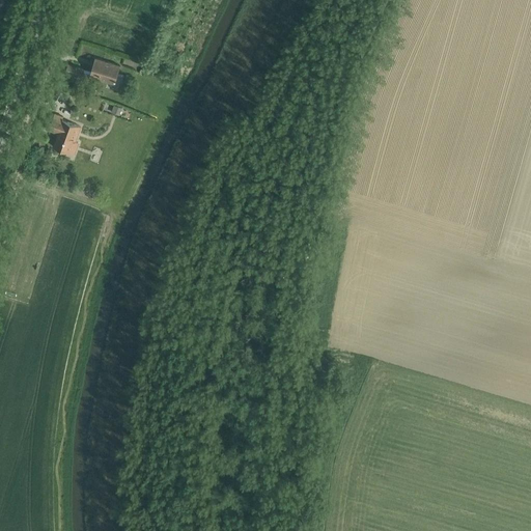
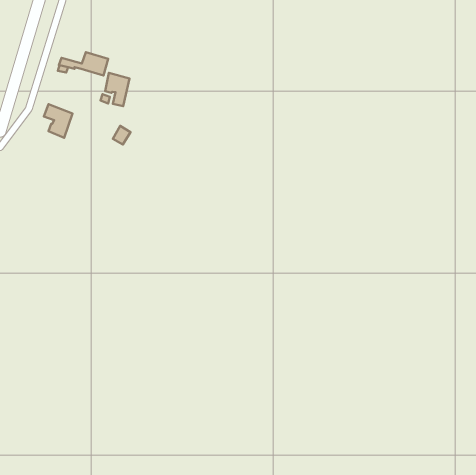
building: none -> [105,73,130,106]

